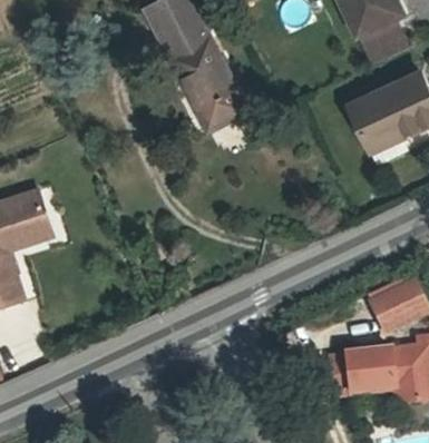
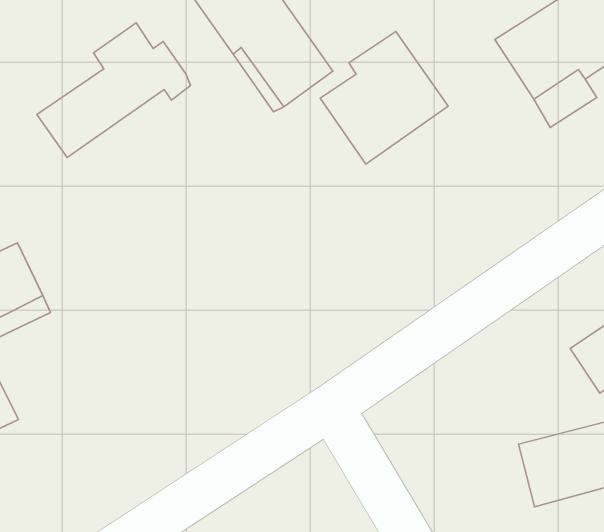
building: none -> [37,23,190,158]
building: none -> [320,32,448,164]

